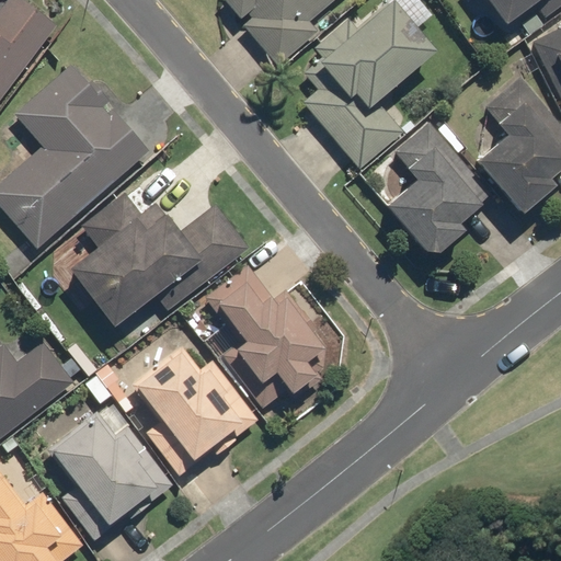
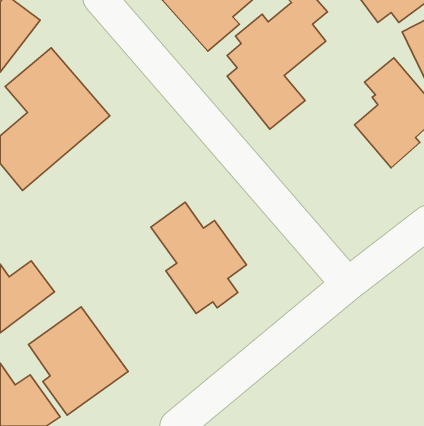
building: [379,121,491,263] -> none
building: [62,191,251,333] -> none
building: [127,344,257,479] -> none

